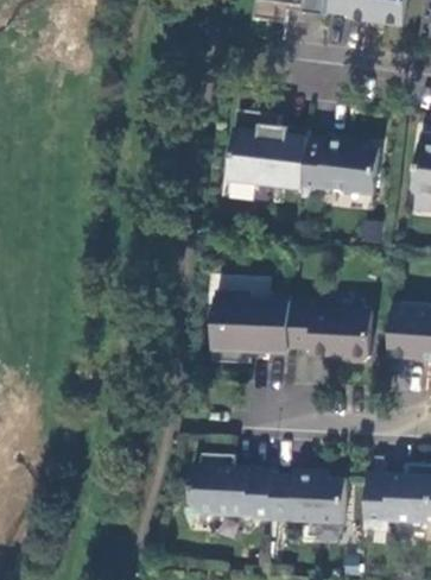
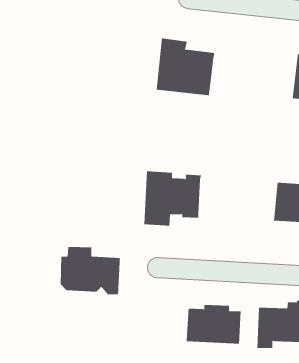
building: [302,135,378,194] -> none
building: [287,301,370,361] -> none
building: [190,453,272,518] -> [60,246,121,295]

